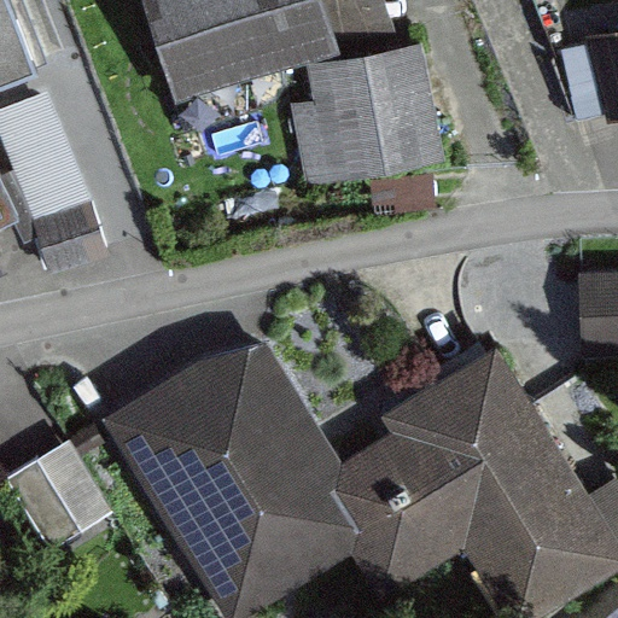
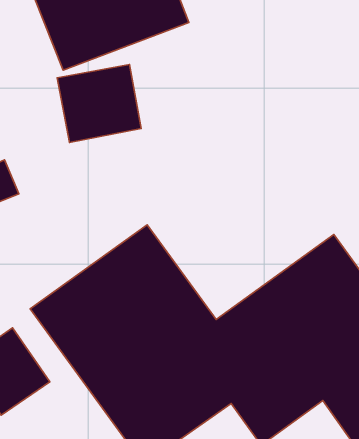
building: [302,57,436,181] -> none
building: none -> [57,65,141,143]

